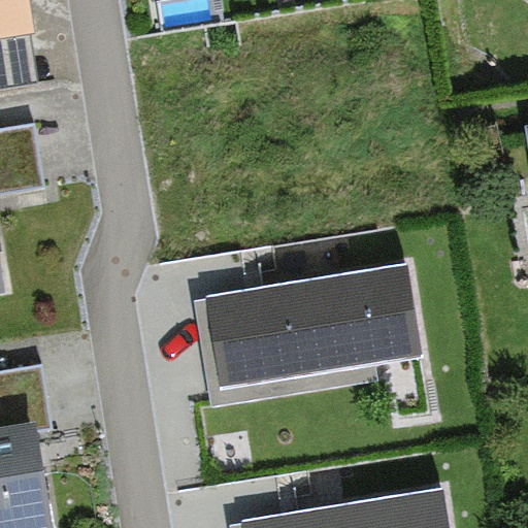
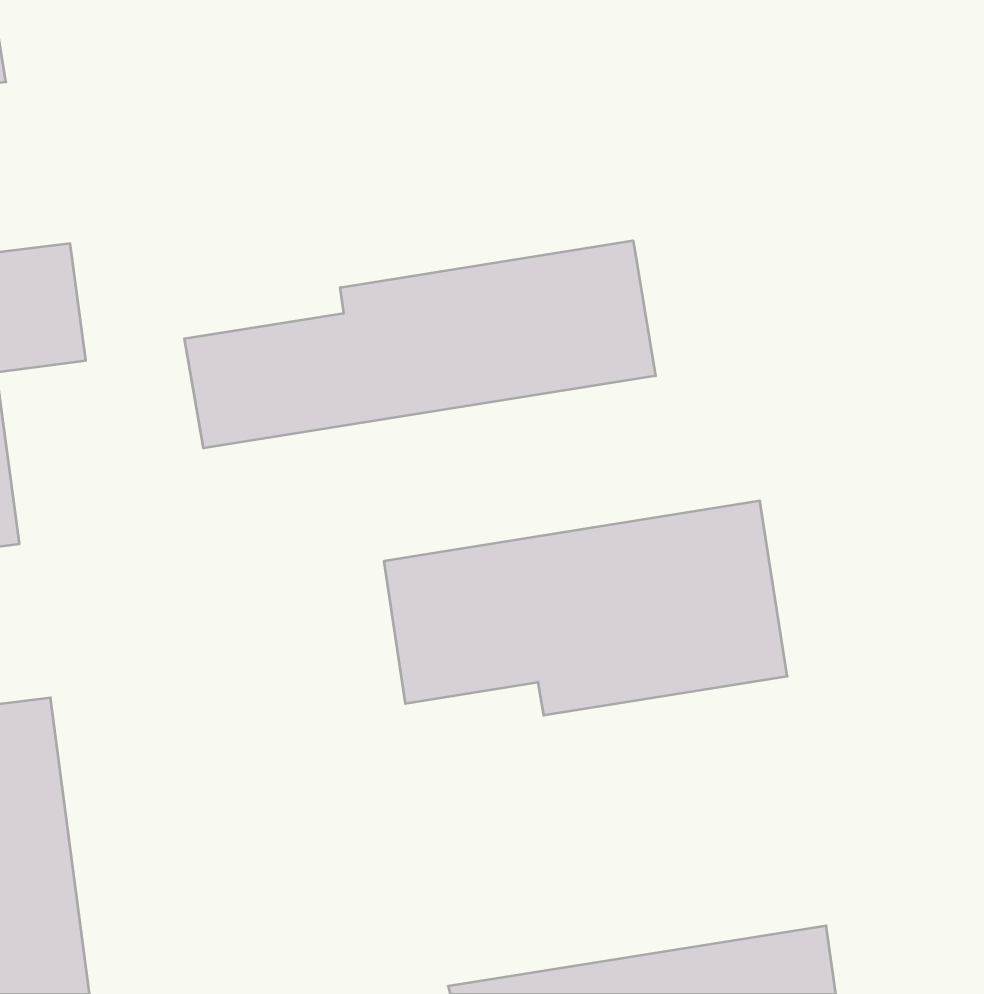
building: none -> [184,241,656,448]

